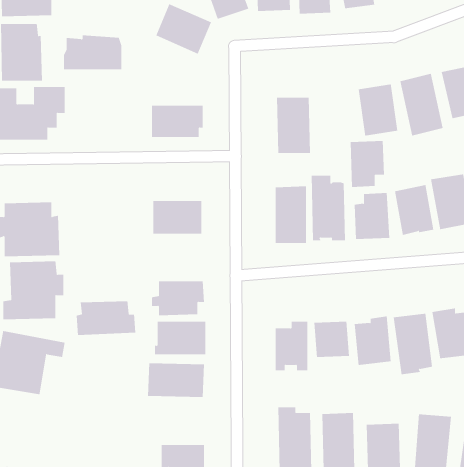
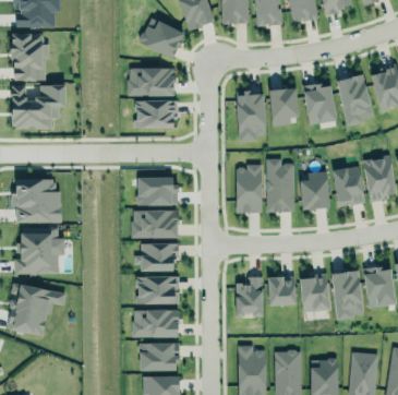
building: [63,35,122,70] -> [126,65,174,94]
building: [350,140,385,187] -> [269,88,298,127]
building: [76,301,136,336] -> [129,208,178,237]
building: none -> [140,343,178,371]

